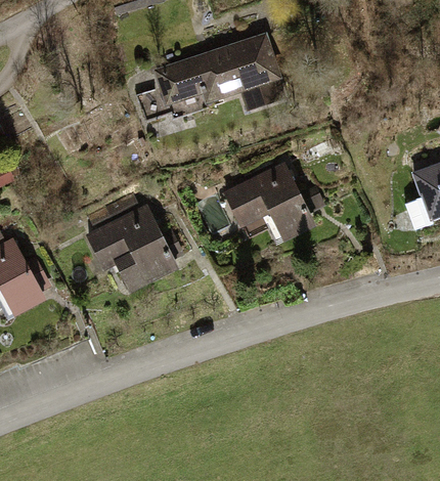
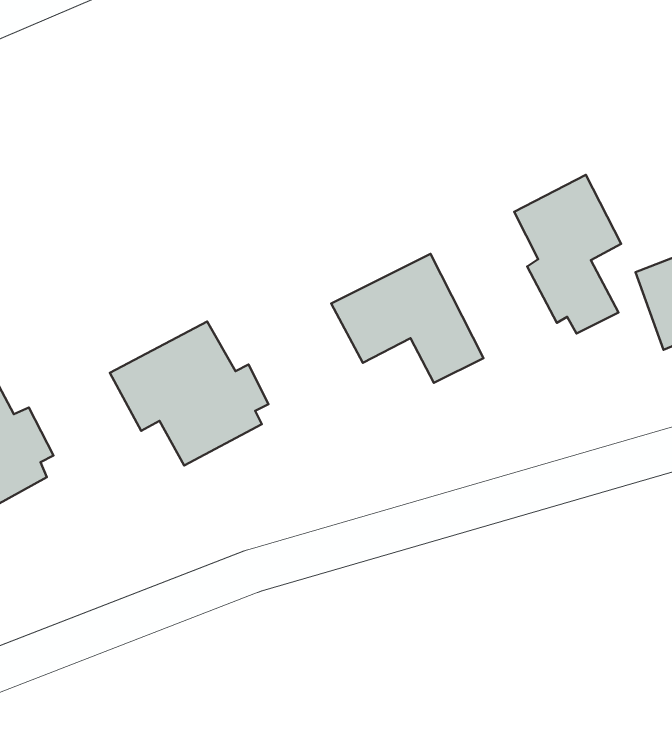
building: [151,32,281,106] -> none
building: none -> [514,175,621,334]

